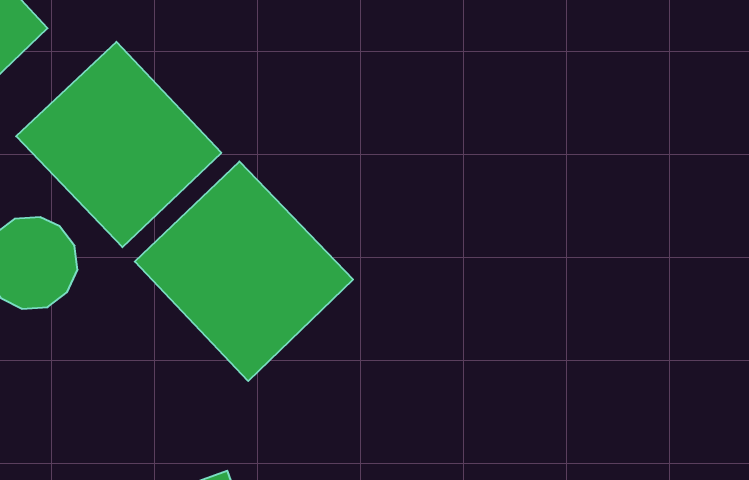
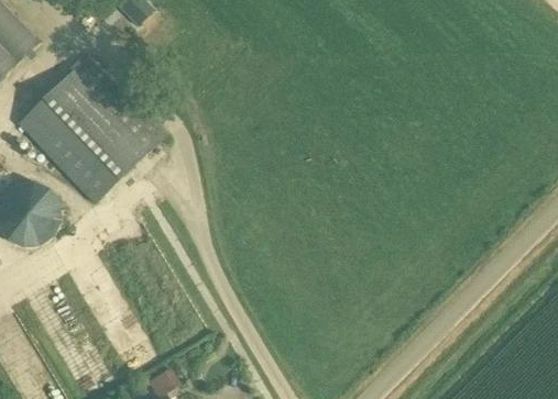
building: [135,161,353,381] -> none

